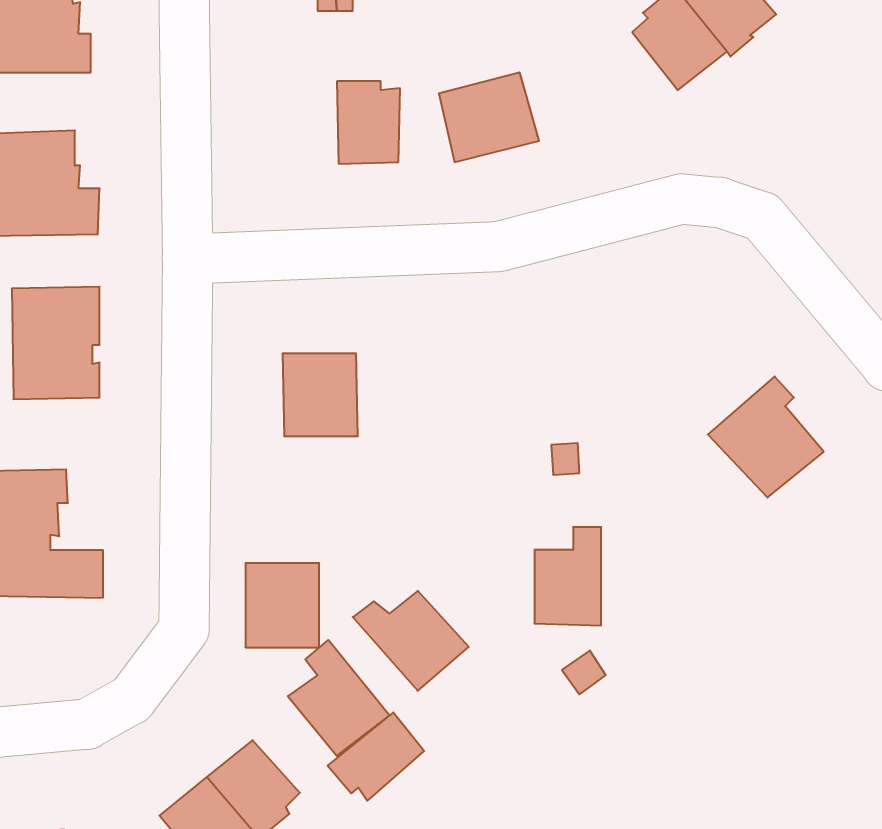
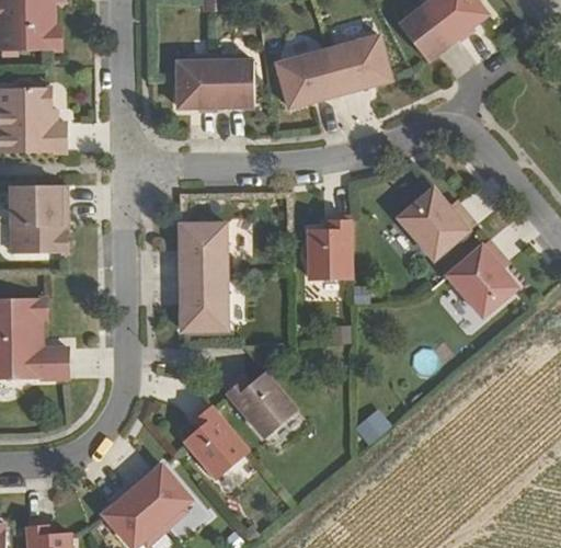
building: none -> [328,36,390,93]
building: none -> [175,56,215,112]
building: none -> [398,189,474,258]
building: [534,527,601,625] -> [308,217,350,278]
building: [245,563,319,647] -> [181,277,227,330]
building: [328,712,424,801] -> none

